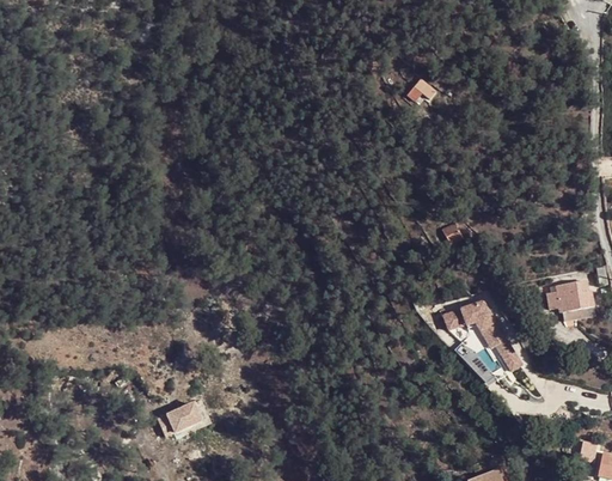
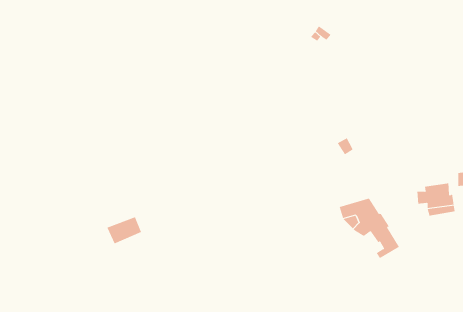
building: [154,401,200,437] -> [107,216,142,244]

